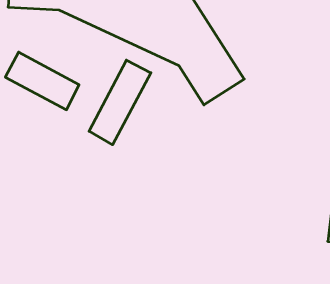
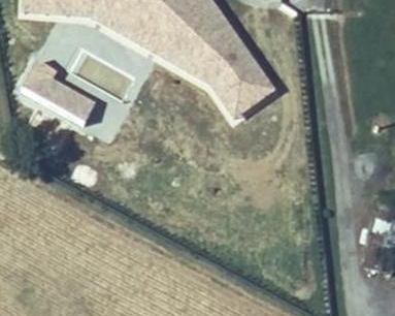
building: [89,60,151,145] -> none

